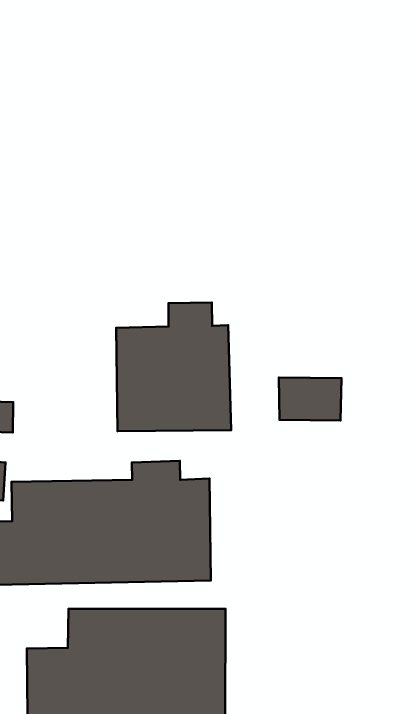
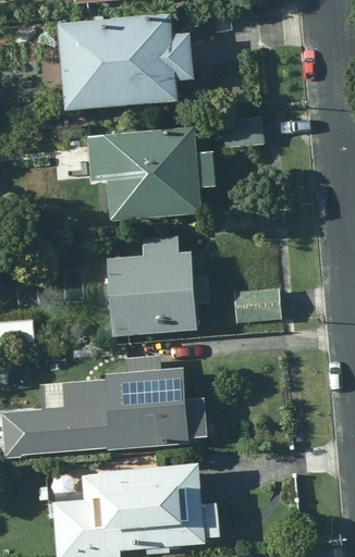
building: none -> [58,14,196,110]
building: none -> [89,125,203,222]

